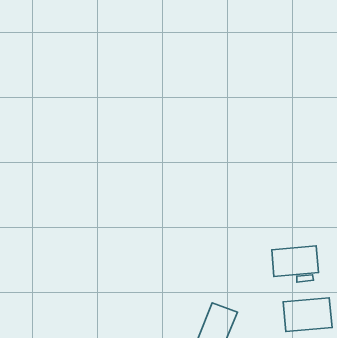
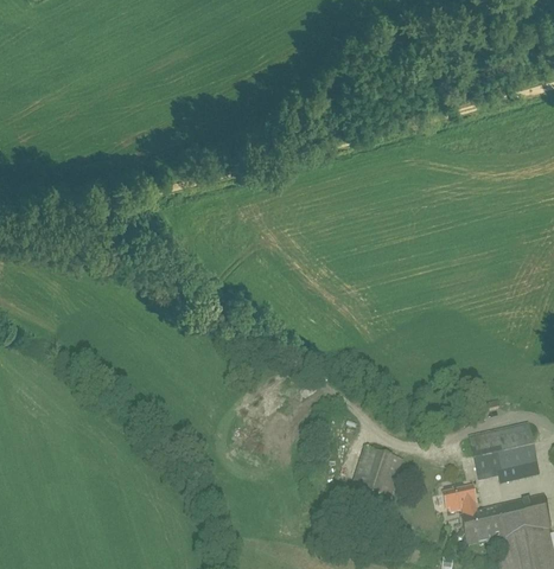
building: [272,246,318,276] -> none

